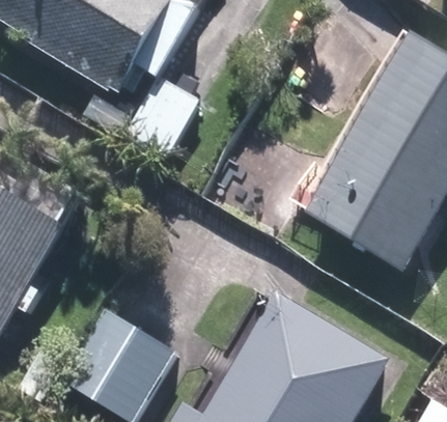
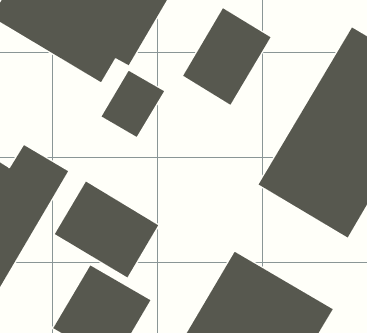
building: none -> [182,7,271,106]
building: none -> [54,181,159,279]

